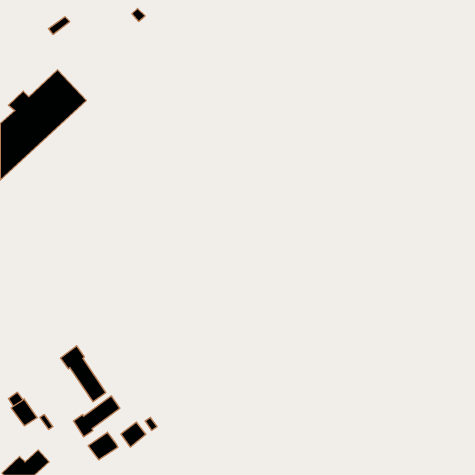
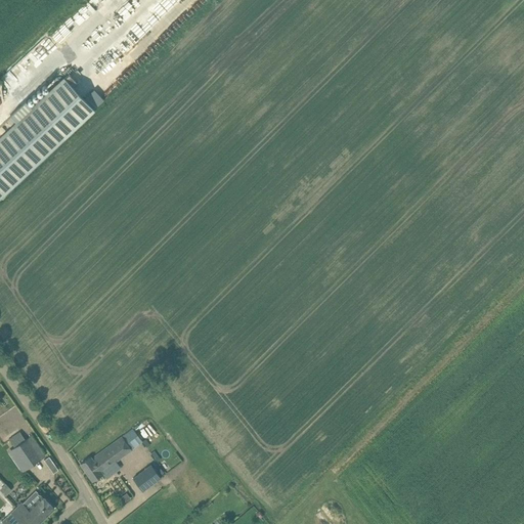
building: [61,346,106,402] -> none
building: [88,432,118,460] -> none

